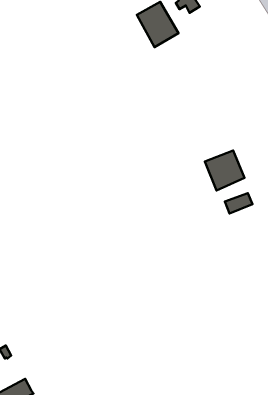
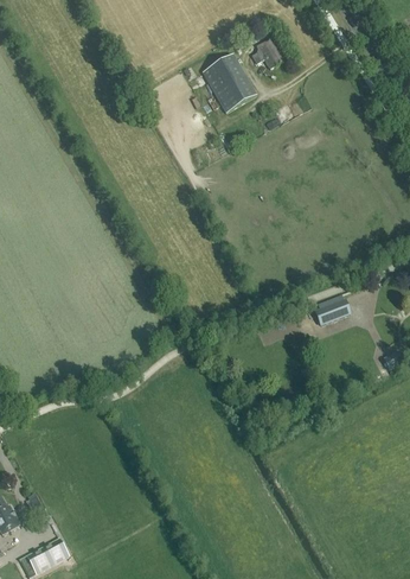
building: [205,150,245,190] -> none

